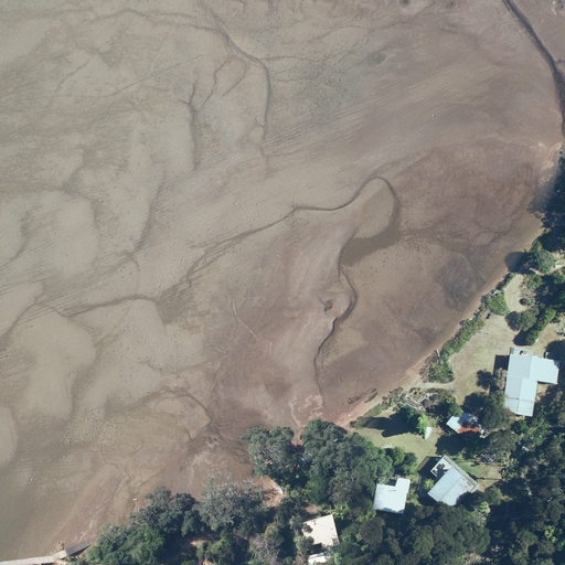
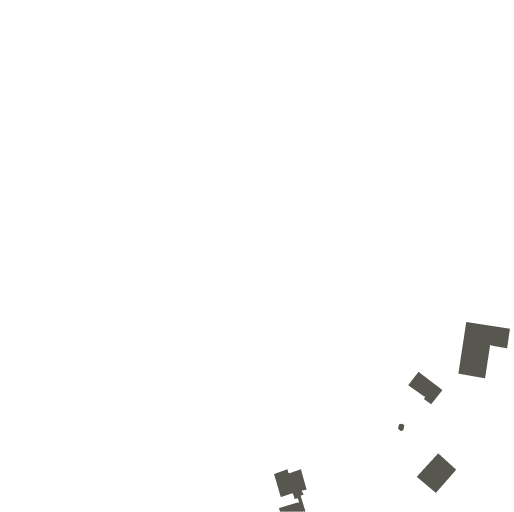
building: [428,465,473,510] -> [416,453,457,494]
building: [373,476,409,511] -> none

